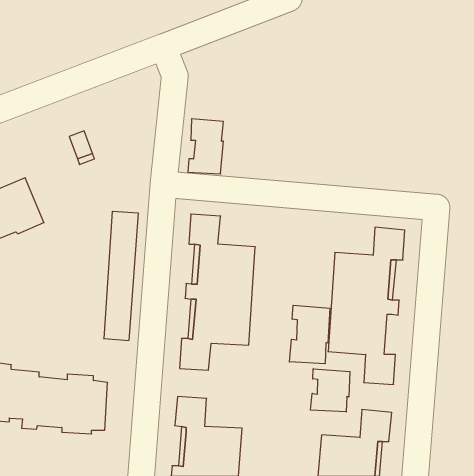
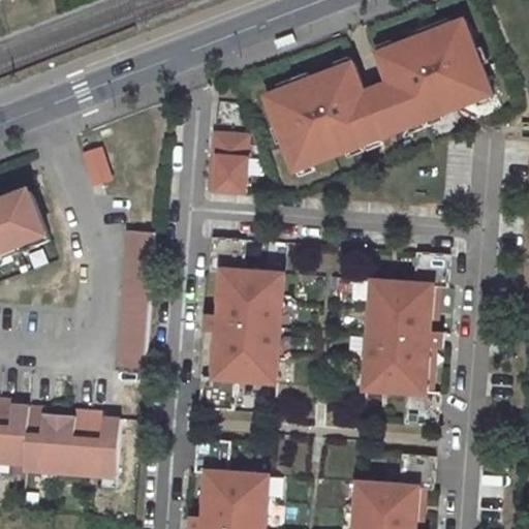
building: none -> [263,18,492,170]
building: [289,305,330,364] -> none
building: [311,369,350,412] -> none

